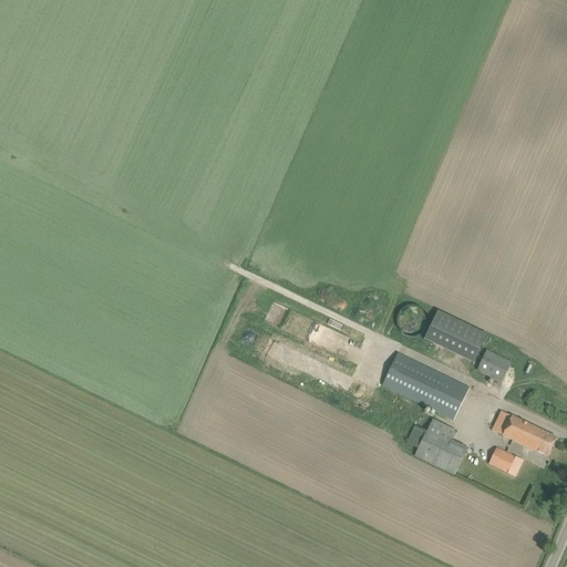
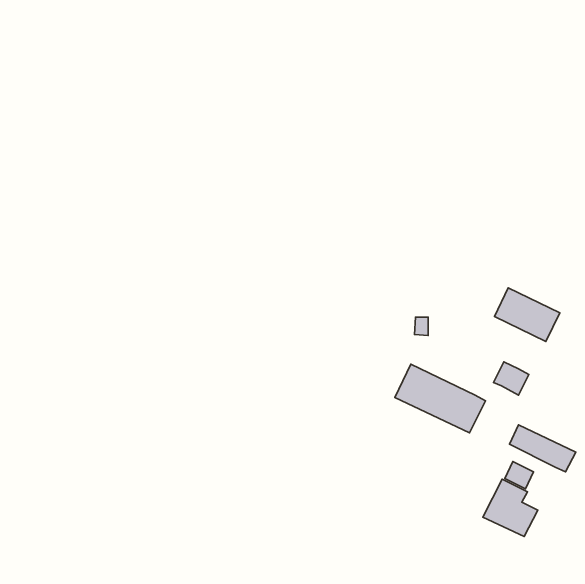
building: [424,308,487,360] -> [494,288,560,342]
building: [414,419,467,474] -> [483,479,538,536]

